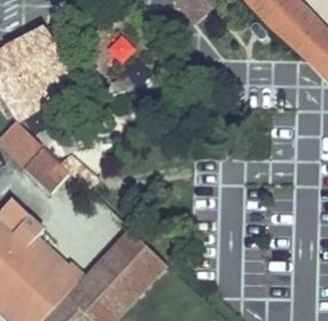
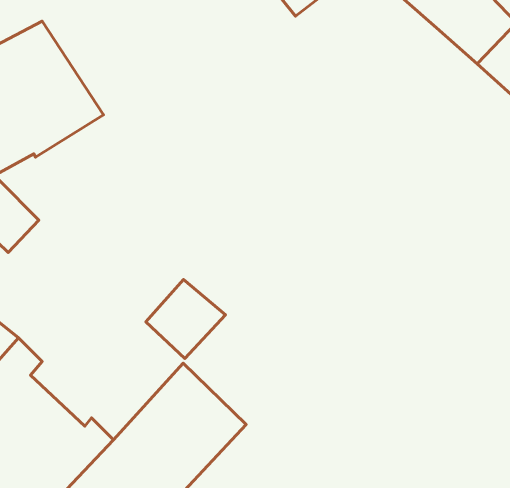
building: [26,144,70,188] -> none
building: none -> [146,280,226,358]

